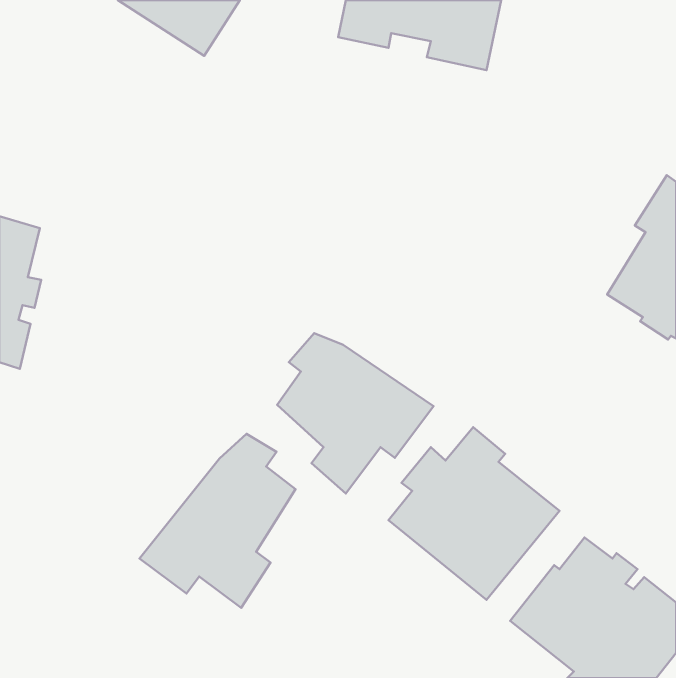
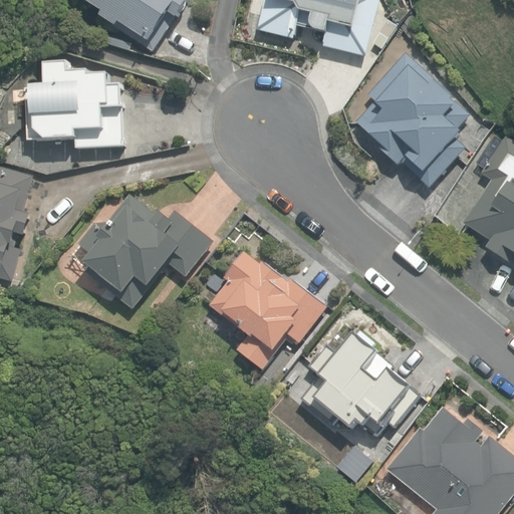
building: none -> [353,49,473,185]
building: none -> [28,59,126,146]
building: none -> [79,191,213,309]
building: [140,434,295,608] -> none

